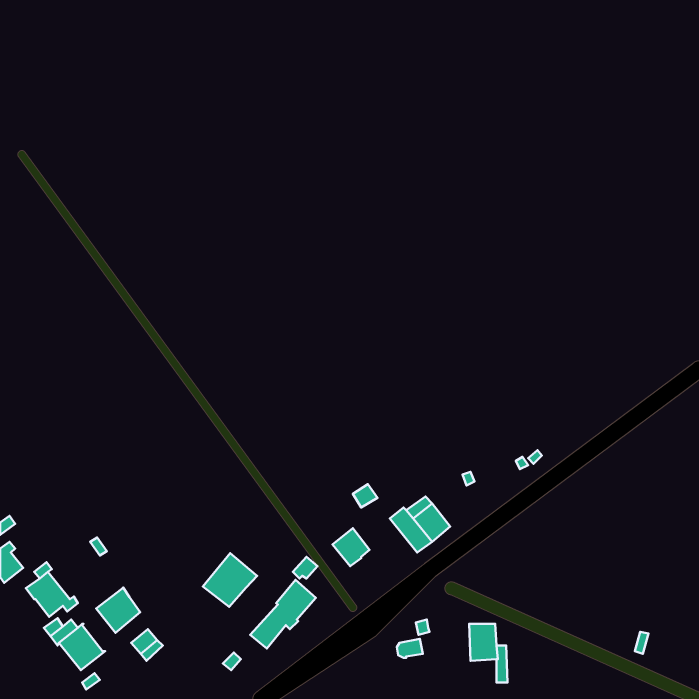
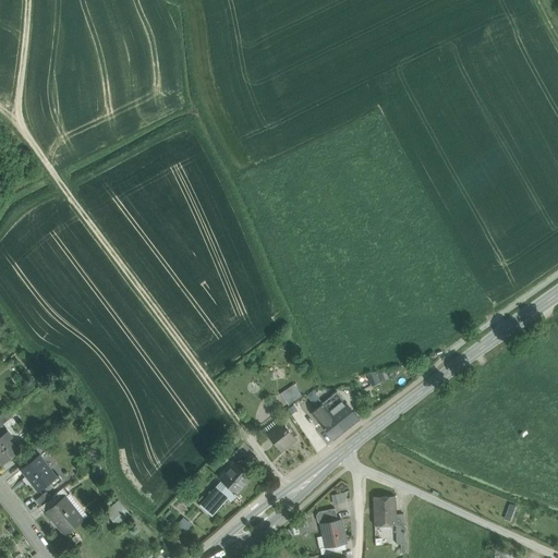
building: [203,553,257,607] -> none
building: [96,588,140,633] -> none
building: none -> [322,520,345,547]

